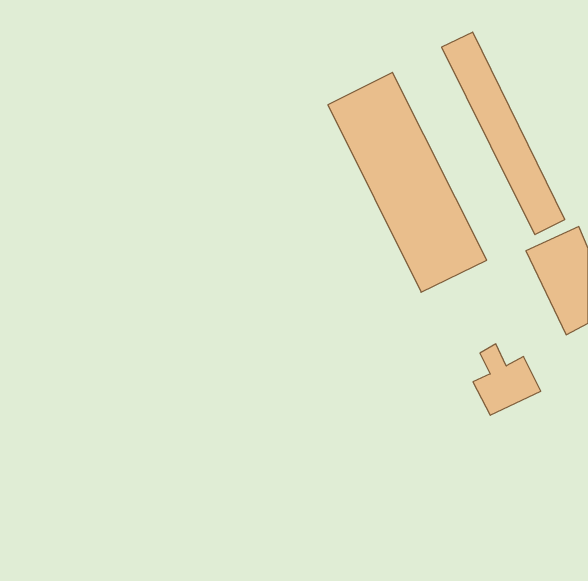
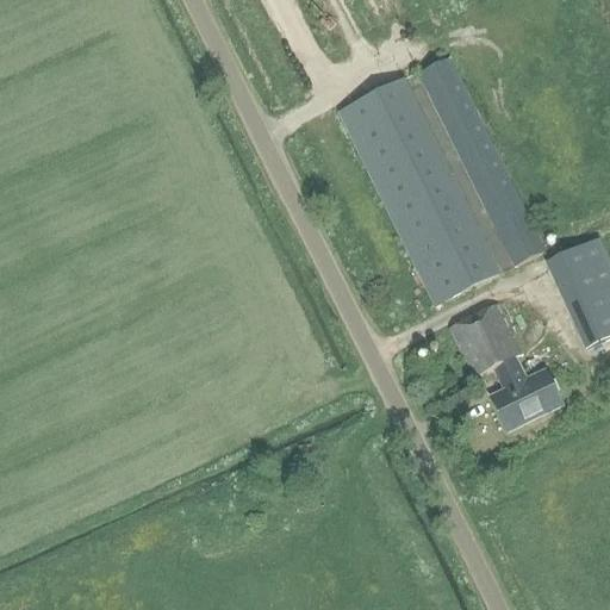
building: [442,32,565,235] -> [417,55,544,264]
building: none -> [447,304,521,378]

